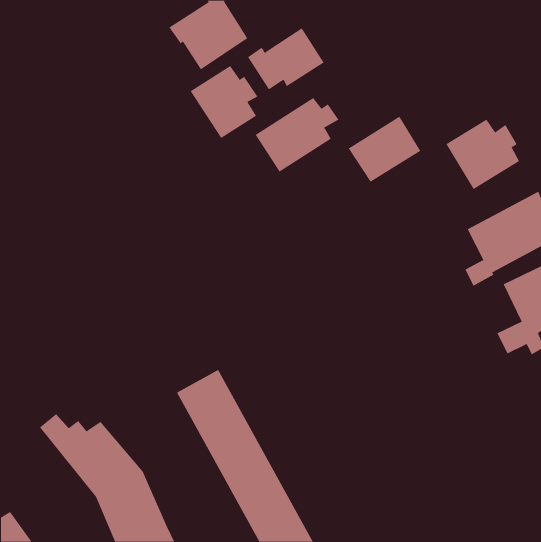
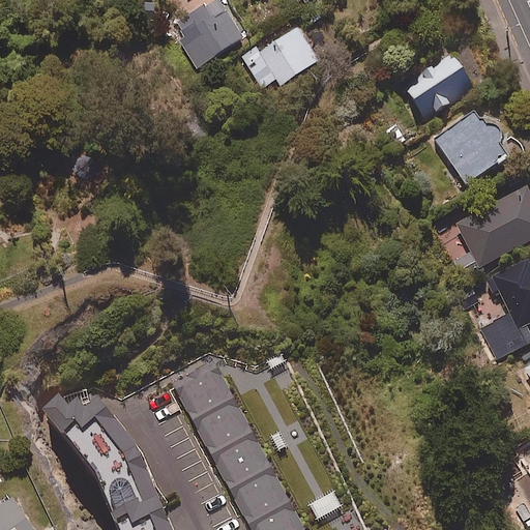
building: [190,65,258,139] -> none
building: [255,97,339,172] -> none
building: [348,116,421,183] -> [403,54,474,119]

